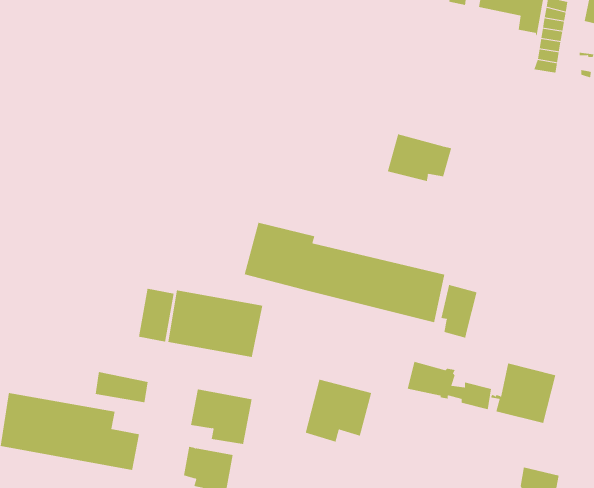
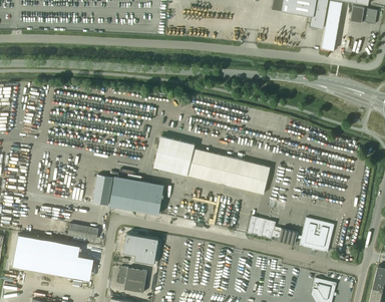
building: [387,133,452,182] -> none
building: [441,284,477,338] -> none
building: [305,379,372,443] -> none

